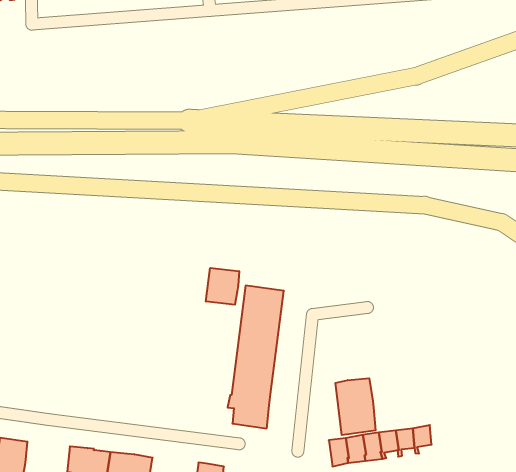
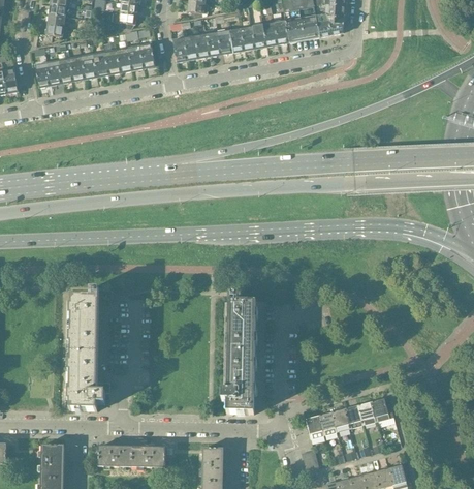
building: none -> [66,296,106,410]
building: [206,268,239,305] -> none
building: [335,378,376,435] -> none

